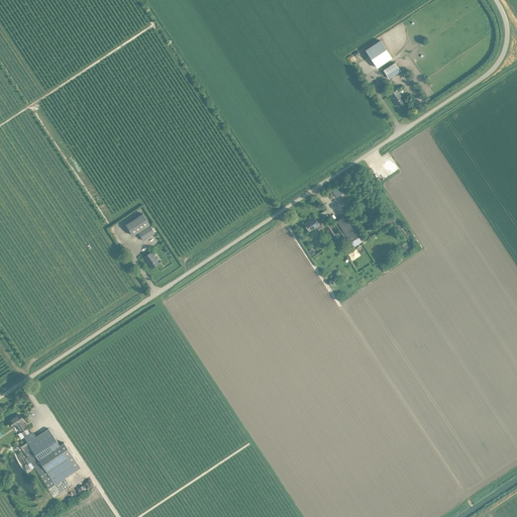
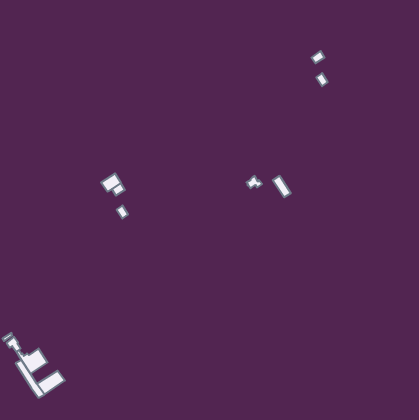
building: [365,40,391,68] -> none
building: [37,442,71,472] -> none

